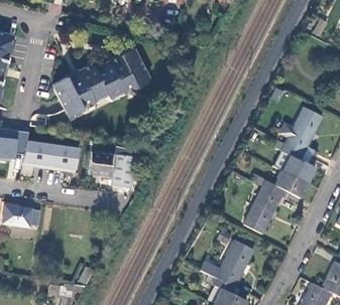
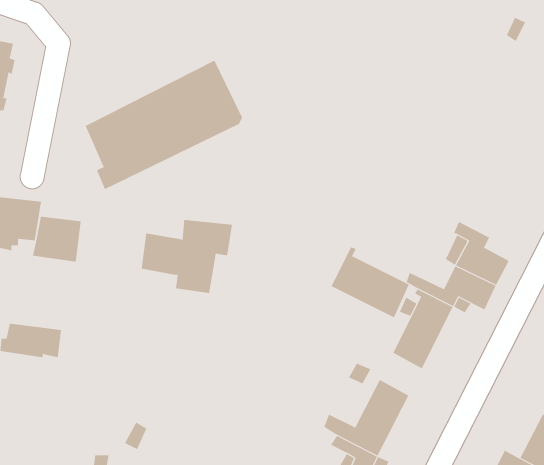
building: [284,106,322,153] -> none
building: [49,143,80,172] -> none
building: none -> [331,247,409,318]

